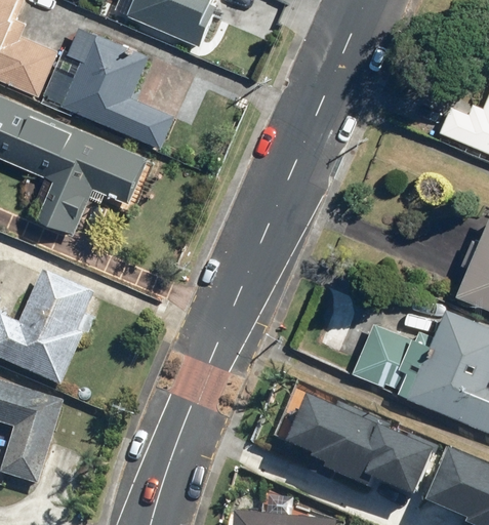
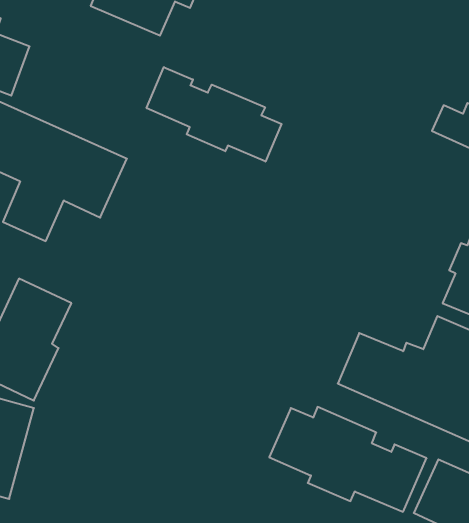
building: [40,30,178,151] -> none
building: none -> [147,67,282,162]

